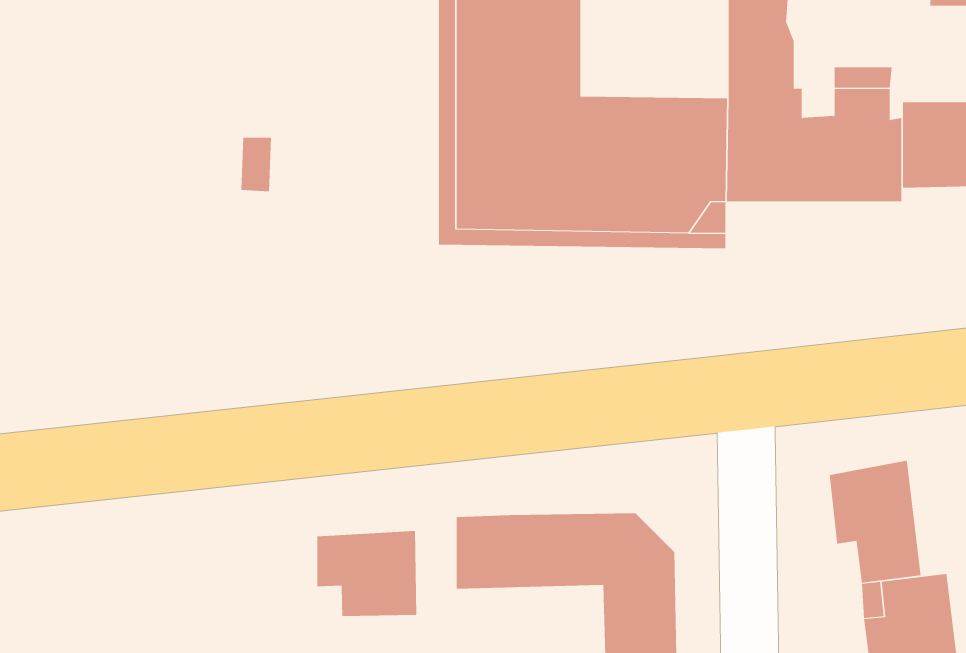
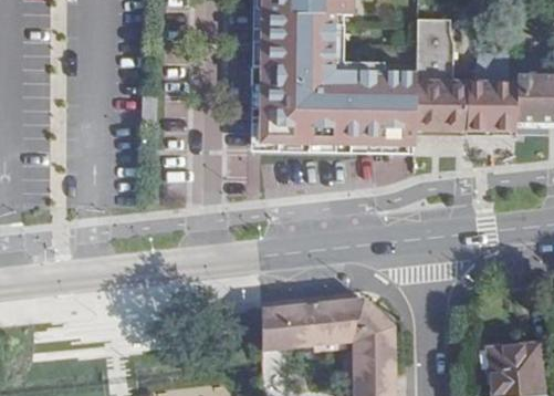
building: [829,460,921,583] -> none
building: [317,530,417,617] -> none

